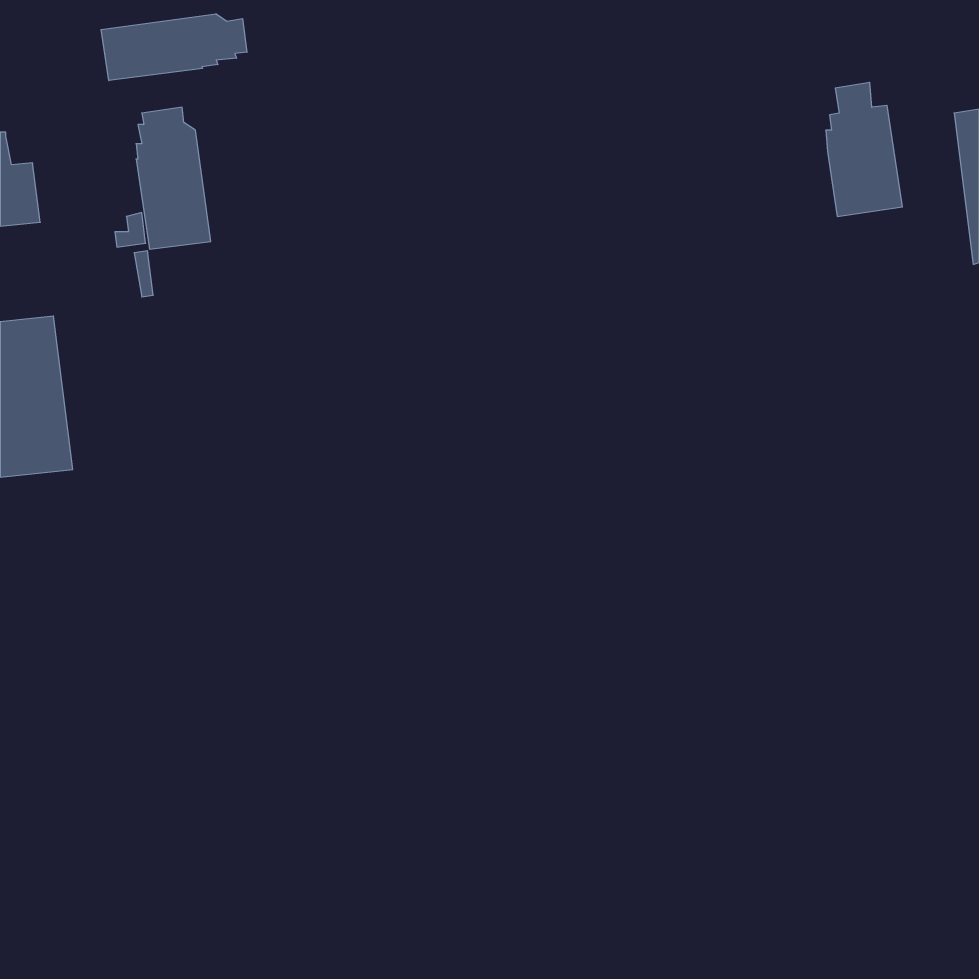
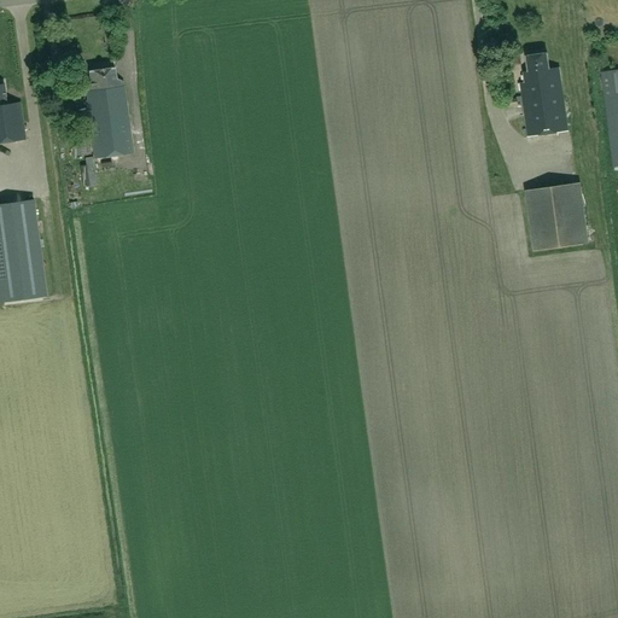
building: [101,14,247,81] -> none
building: none -> [525,182,587,251]

